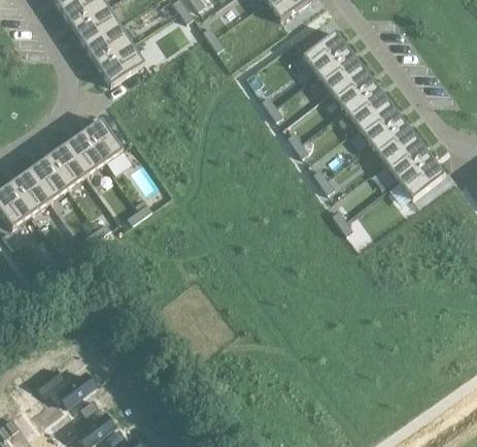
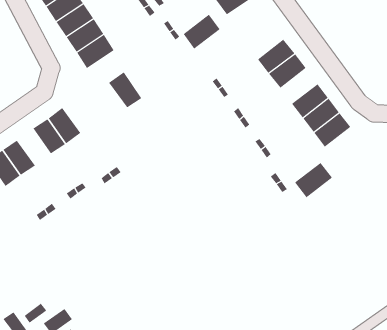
building: [303,30,348,73] -> [183,14,220,50]
building: [344,84,389,127] -> none
building: [81,118,123,162] -> [108,72,142,108]
building: [398,155,444,198] -> [294,162,333,198]
building: [27,157,67,201] -> none

